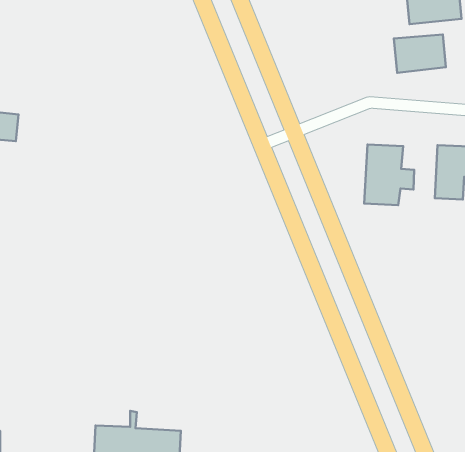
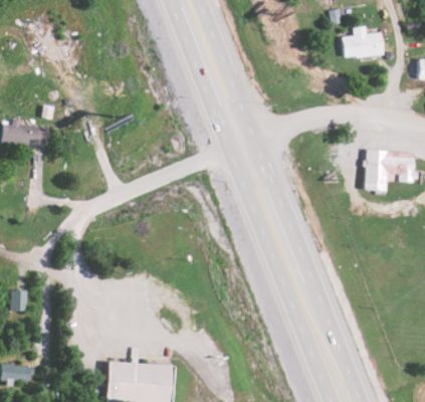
building: [394,35,446,73] -> none
building: [364,145,414,205] -> none

